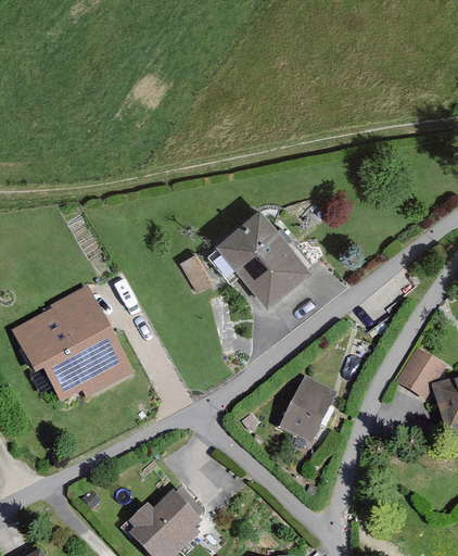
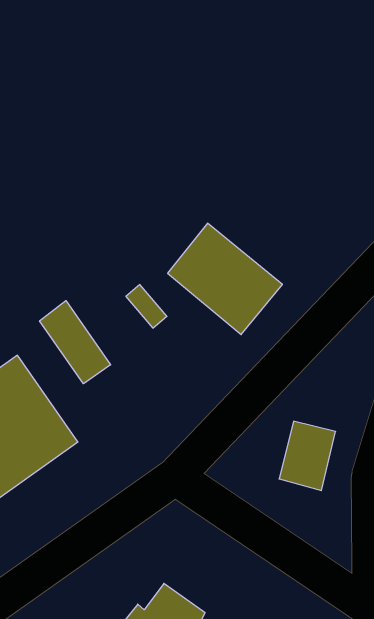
building: none -> [40,301,111,384]

